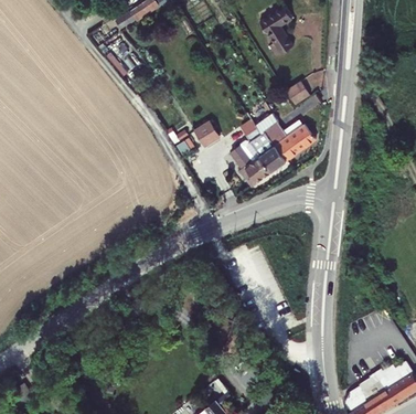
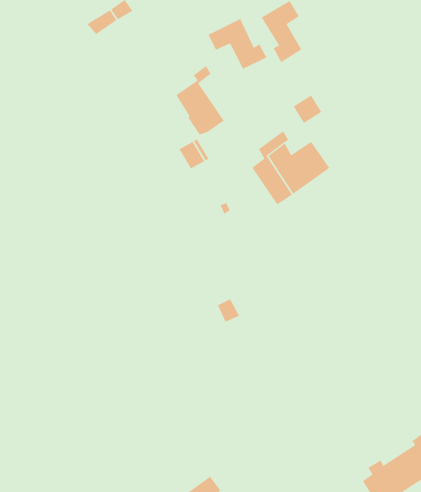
building: none -> [208,18,267,69]
building: [231,127,271,185] -> [175,65,225,135]

